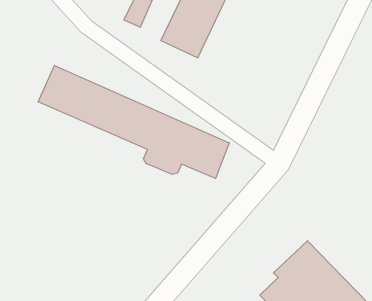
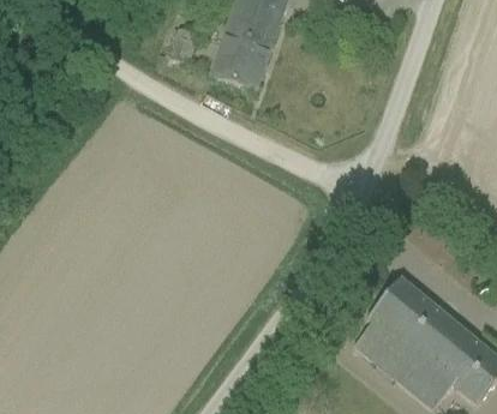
building: [38,65,229,179] -> none

